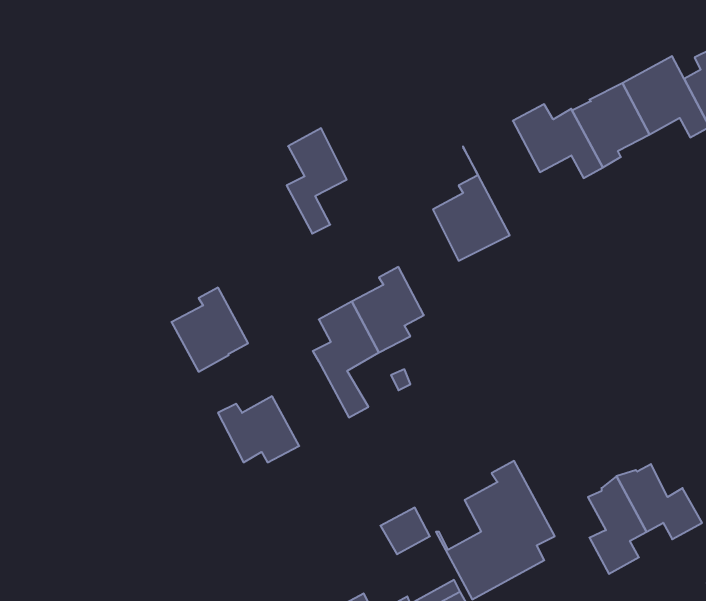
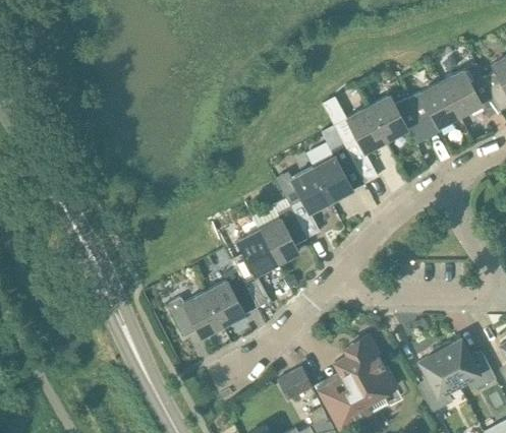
building: none -> [334,107,386,184]
building: [287,128,347,234] -> [290,167,331,238]
building: [171,288,248,372] -> [205,269,257,326]

